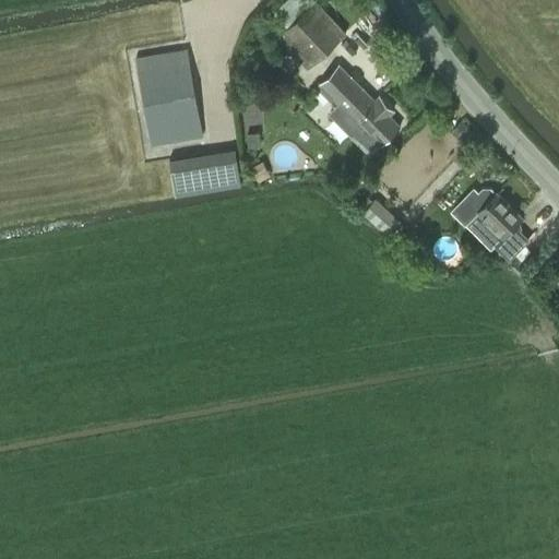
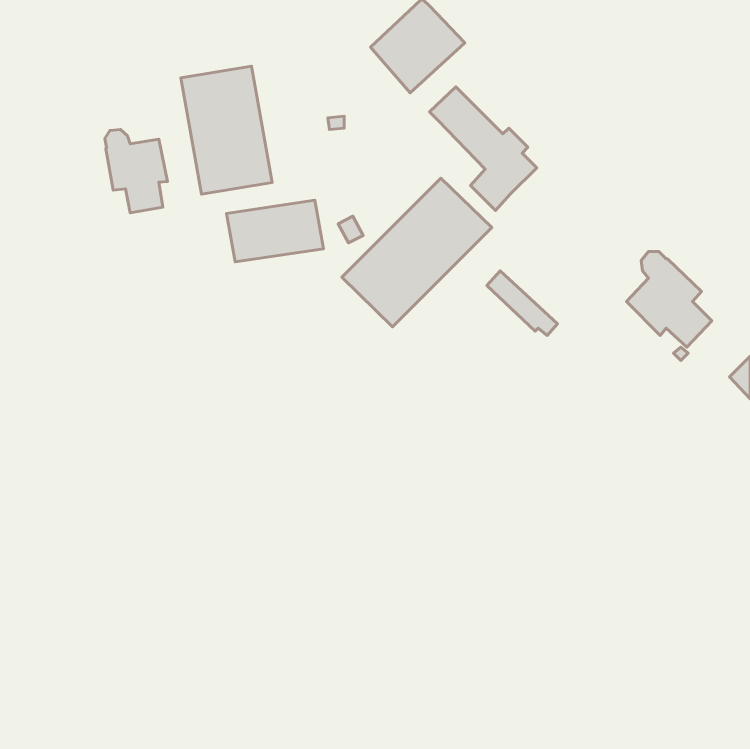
building: none -> [105,129,167,213]
building: none -> [342,178,492,327]

